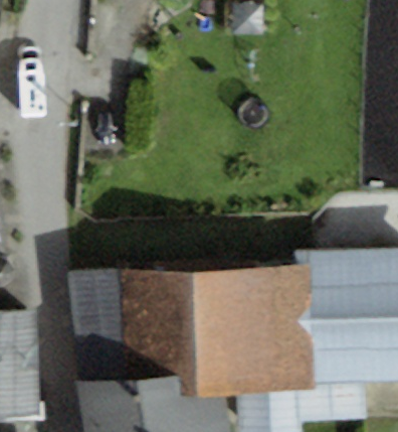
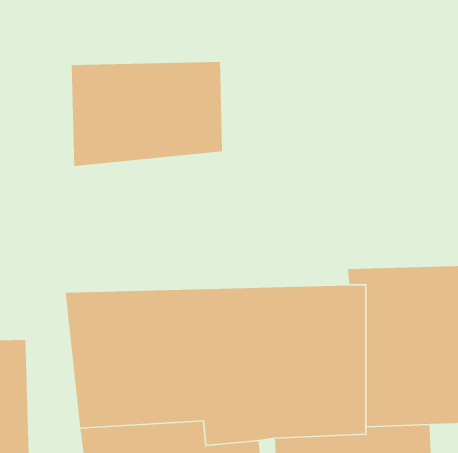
building: none -> [71,61,223,167]

